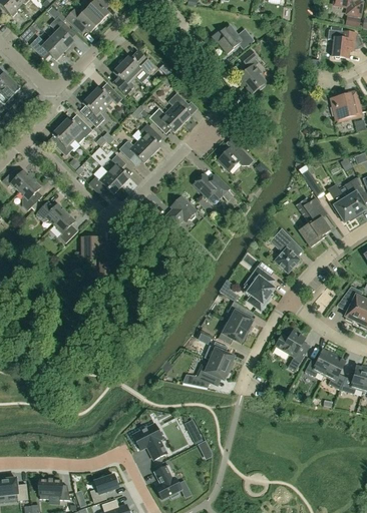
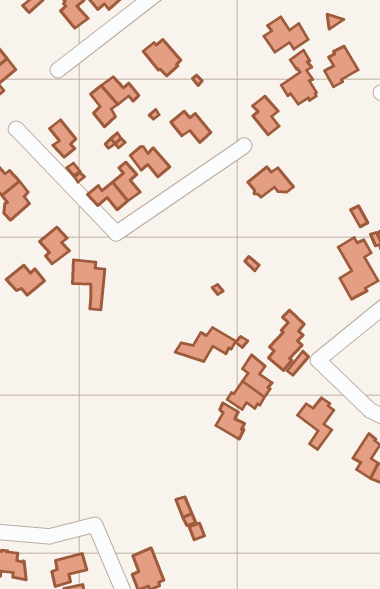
building: [30,36,64,60] -> none
building: none -> [324,46,358,87]
building: [112,63,135,94] -> none
building: [167,92,191,123] -> [253,96,279,135]
building: [60,116,92,142] -> none
building: [137,123,160,154] -> none
building: [194,173,229,203] -> none
building: [165,195,196,225] -> none
building: [35,201,66,225] -> [6,265,45,295]
building: [271,228,300,273] -> none
building: [305,350,335,377] -> none
building: [182,360,231,388] -> [175,328,236,361]
building: [132,423,166,460] -> none

